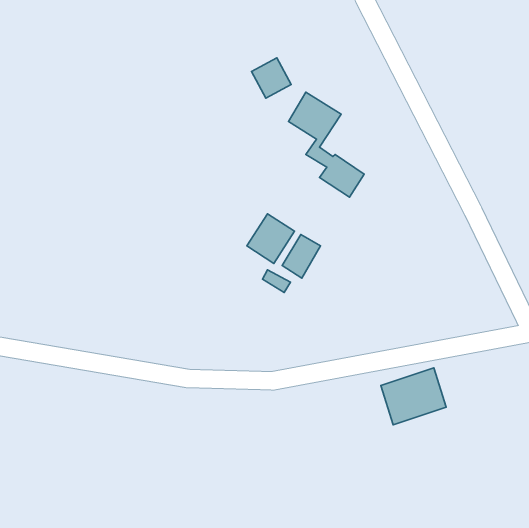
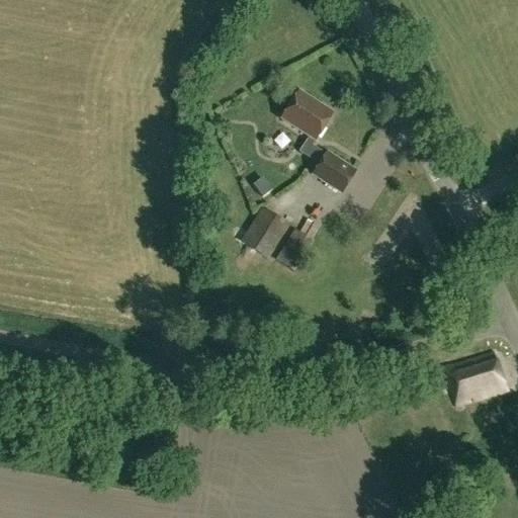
building: [252,58,291,98] -> none
building: [381,368,446,425] -> [445,351,509,407]

